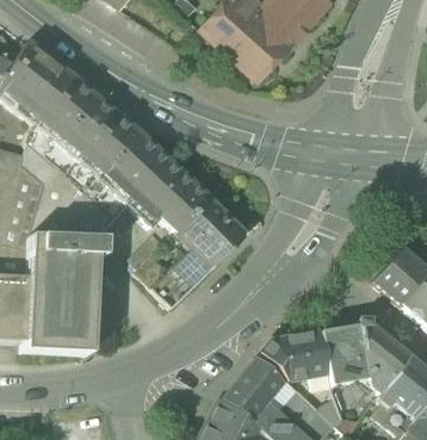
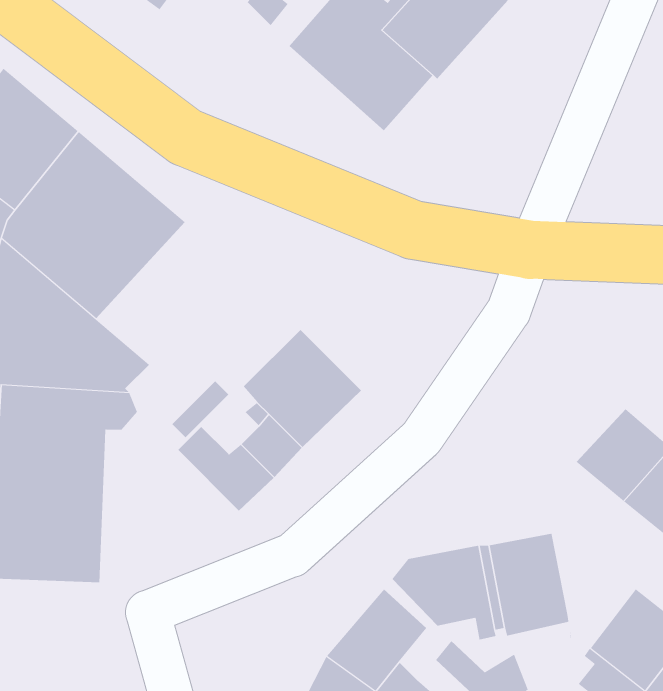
building: [85,135,208,234] -> none
building: [359,322,409,392] -> none
building: [258,349,298,410] -> none

